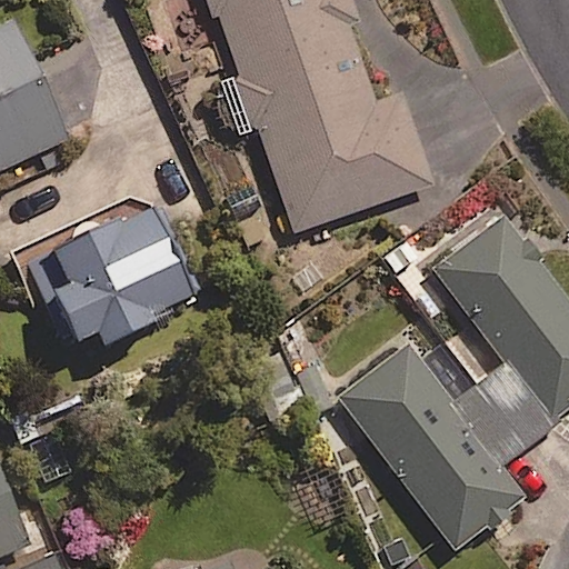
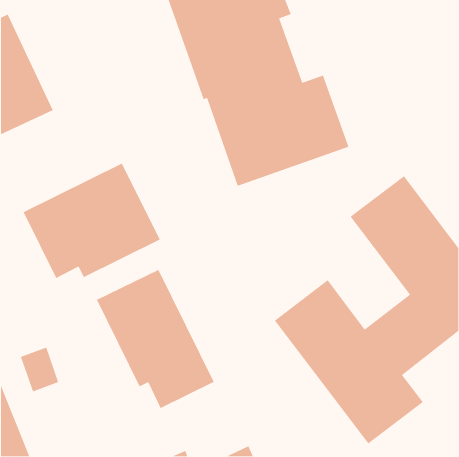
building: none -> [96,269,215,409]

